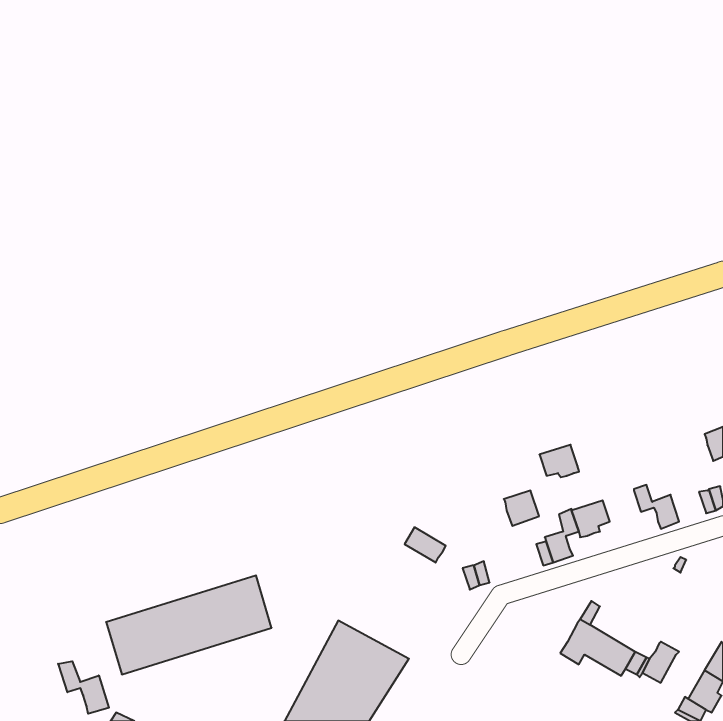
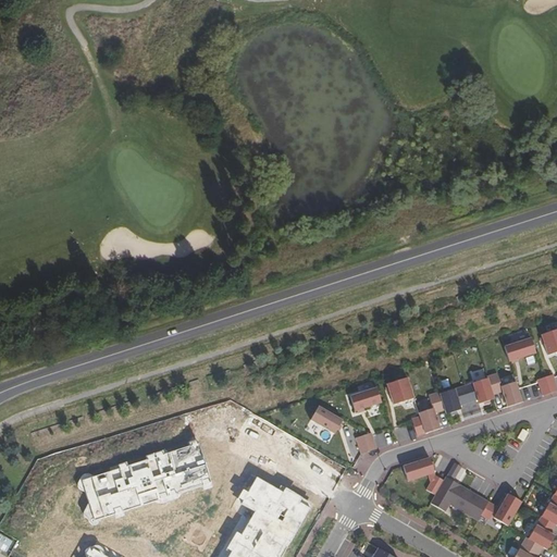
building: none -> [505,337,536,361]
building: [539,445,579,477] -> [463,377,494,403]
building: none -> [350,387,382,410]
building: none -> [404,457,444,494]
building: [58,661,109,714] -> none

